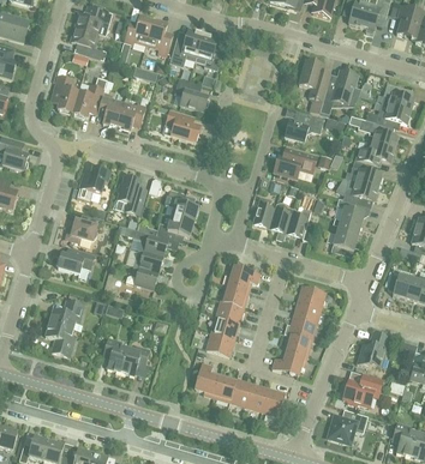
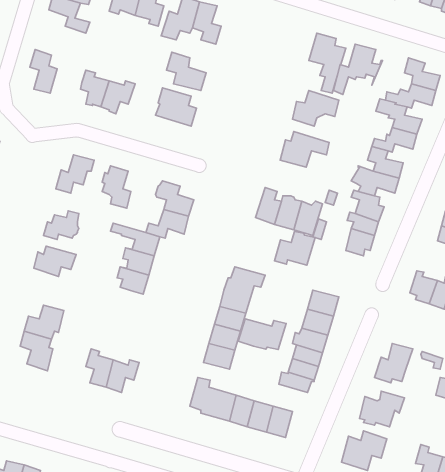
building: [72,84,104,117] -> none
building: none -> [274,231,315,265]
building: none -> [238,319,286,350]

